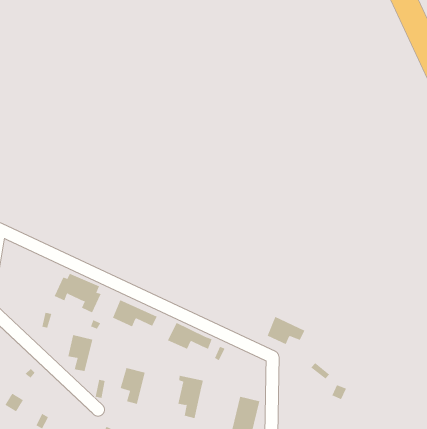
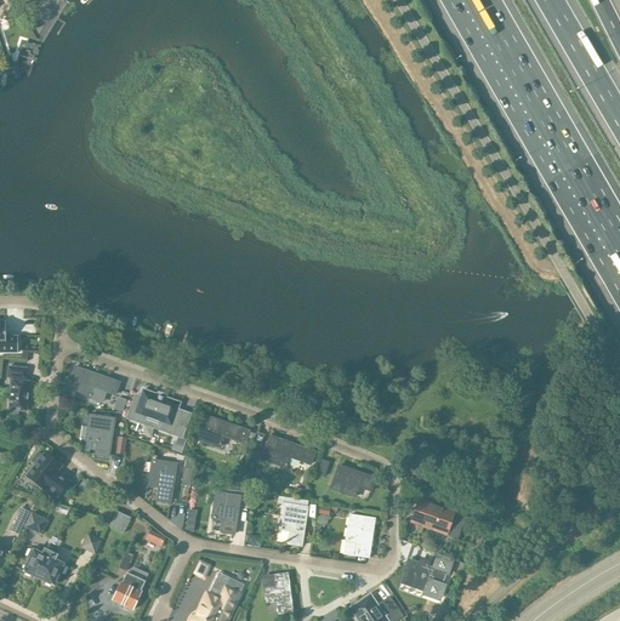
building: none -> [70,365,119,397]
building: none -> [87,414,115,456]
building: [267,316,305,345] -> [331,465,375,496]
building: none -> [410,498,455,534]

